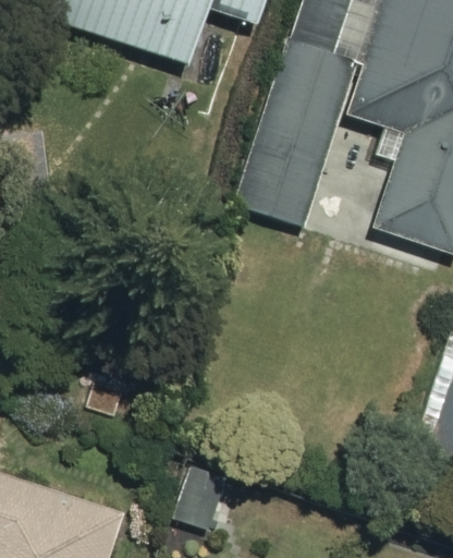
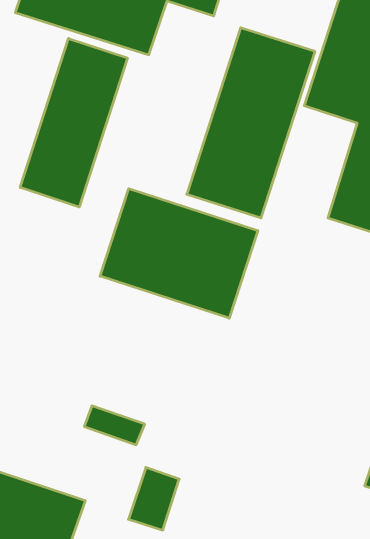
building: none -> [20,38,127,207]
building: none -> [100,189,258,318]

